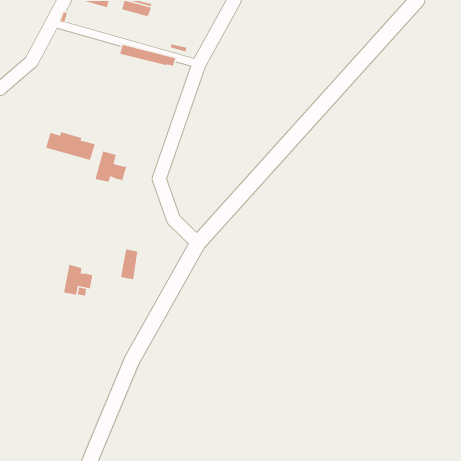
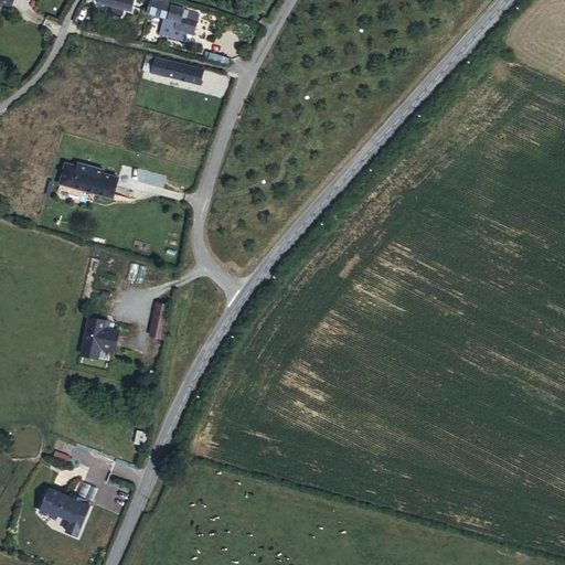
building: none -> [160,10,202,41]
building: [95,151,127,183] -> none
building: none -> [39,490,88,536]

